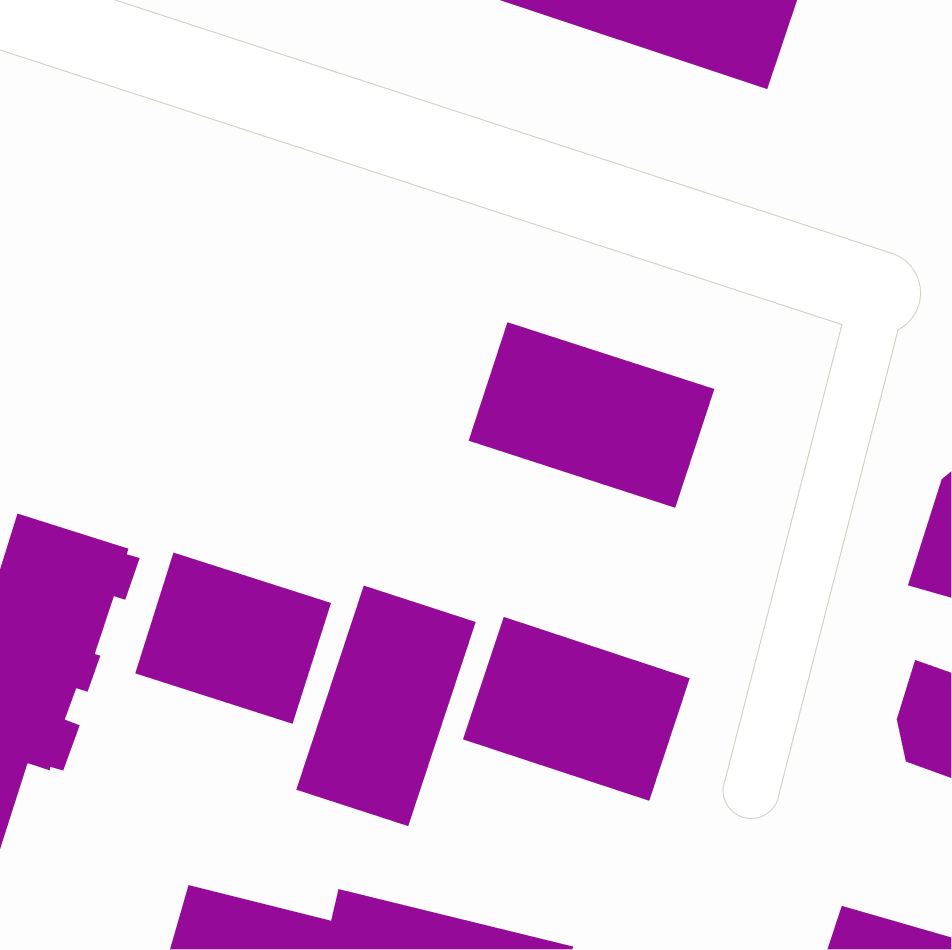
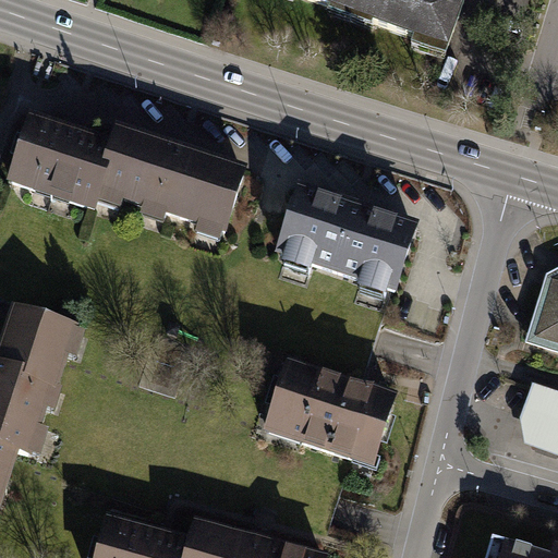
building: none -> [4,117,251,244]
building: [134,552,332,725] -> none
building: [295,584,477,827] -> none

